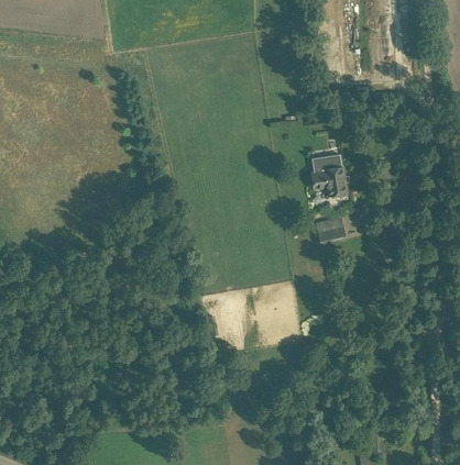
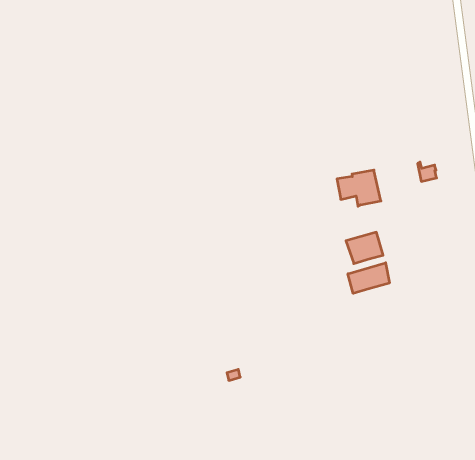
building: none -> [348,263,389,293]

